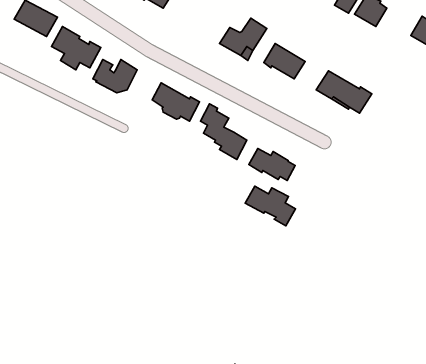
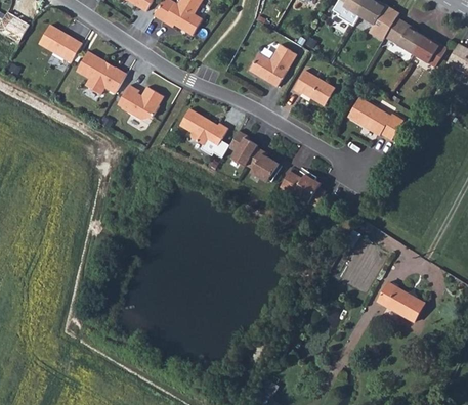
building: none -> [407,33,442,65]
building: [245,186,295,226] -> none
building: none -> [377,281,425,321]

